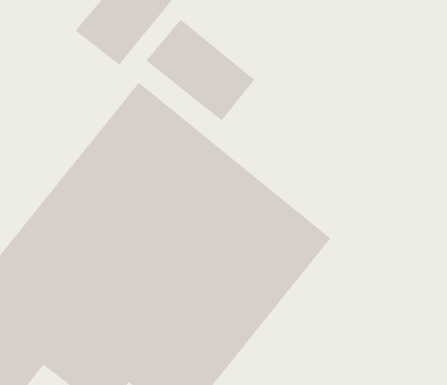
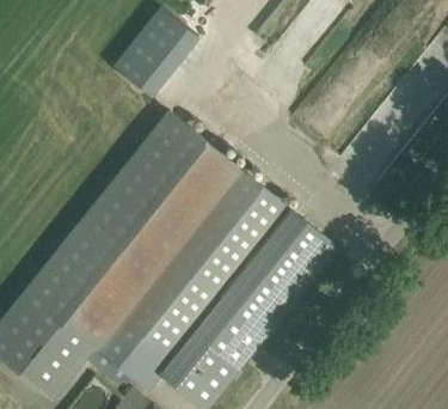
building: [146,19,255,121] -> none

